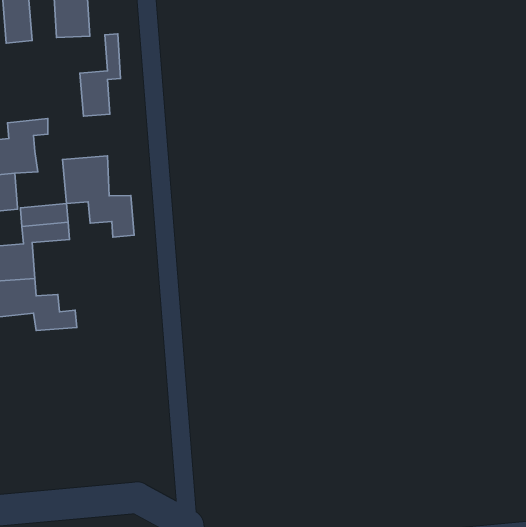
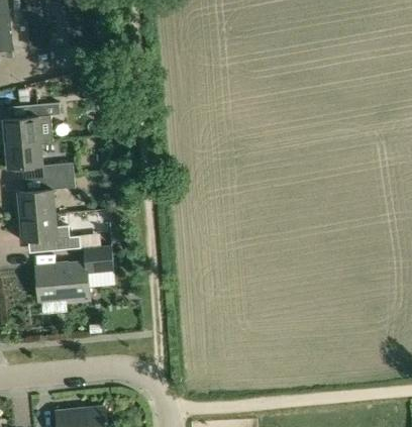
building: [80,34,121,116] -> none
building: [63,156,134,237] -> none
building: none -> [34,247,113,303]

